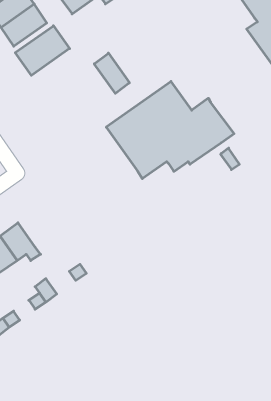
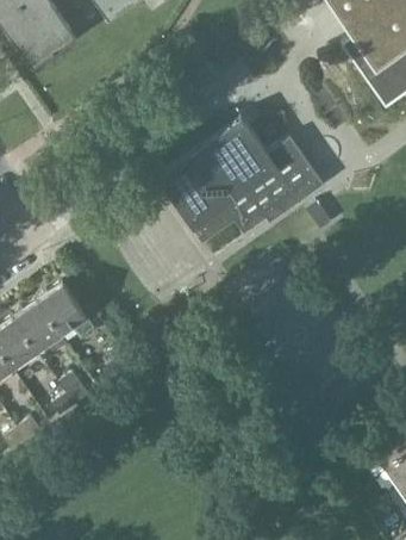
building: [15,26,70,75] -> none
building: [94,53,129,93] -> none
building: none -> [37,283,94,336]

